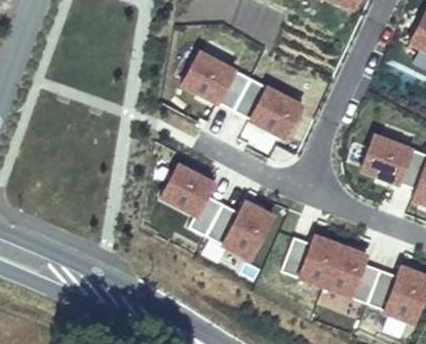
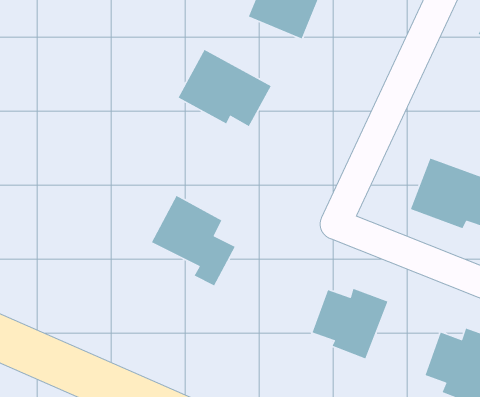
building: [234,80,305,146] -> none
building: [207,200,275,263] -> none
building: [324,246,382,304] -> none

